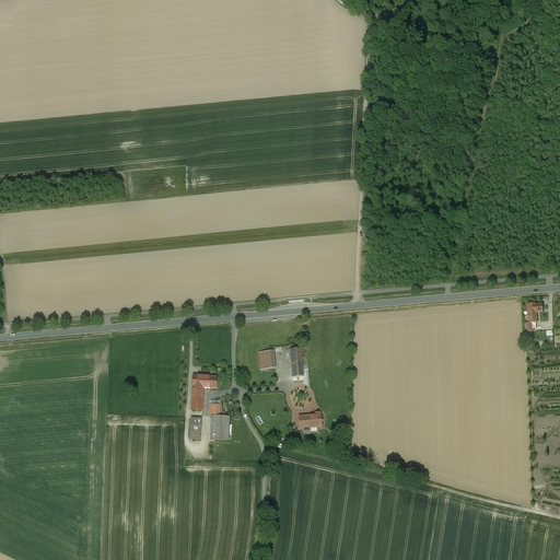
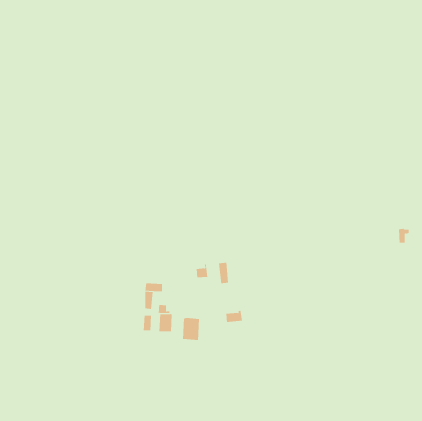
building: none -> [182,317,199,341]

